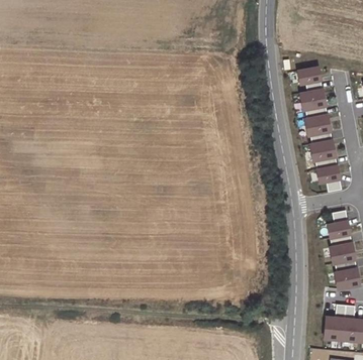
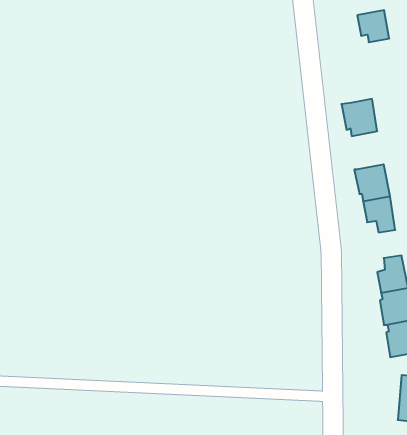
building: [297,66,323,91] -> [357,10,389,42]
building: [303,113,332,143] -> none
building: [324,305,346,340] -> none

